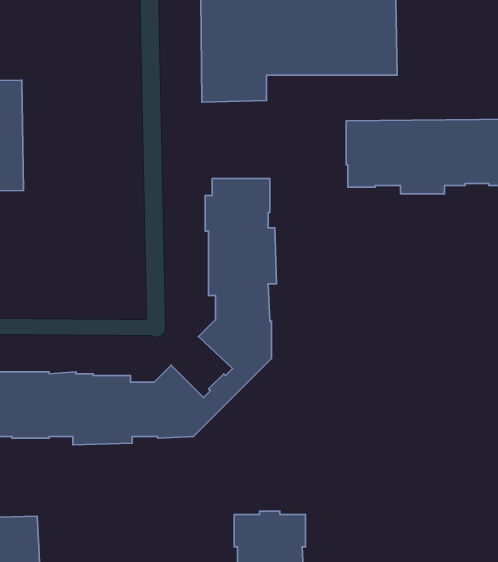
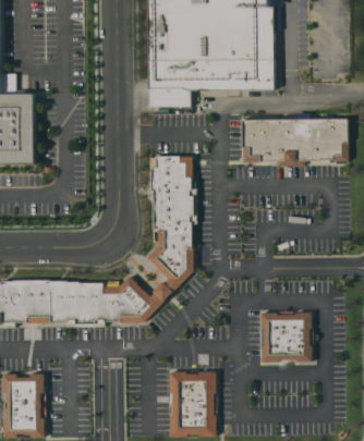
building: none -> [262,311,312,362]

